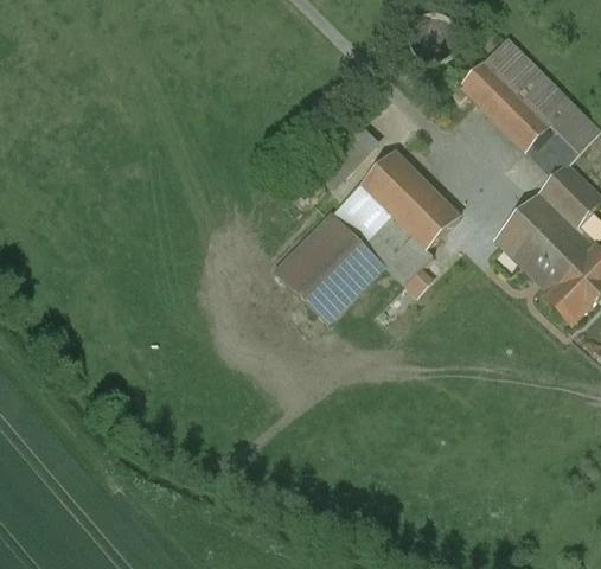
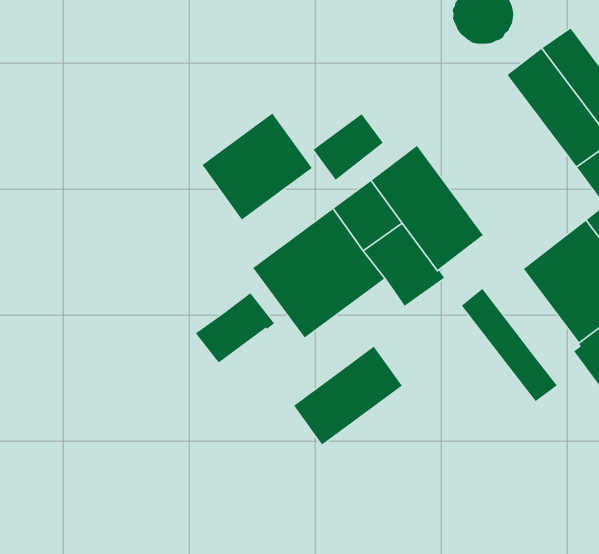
building: none -> [202,112,313,220]
building: none -> [461,288,558,402]
building: none -> [195,292,275,363]
building: none -> [293,346,403,445]

